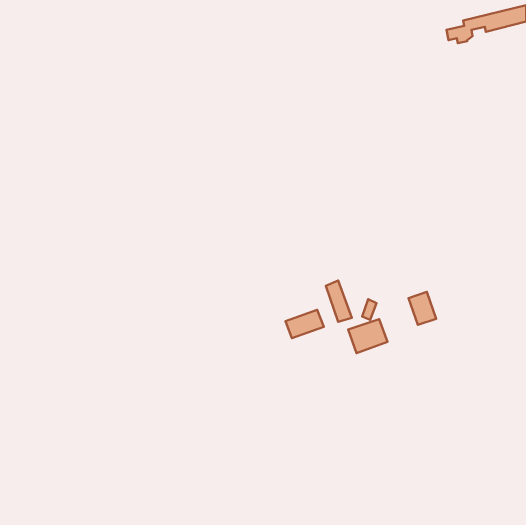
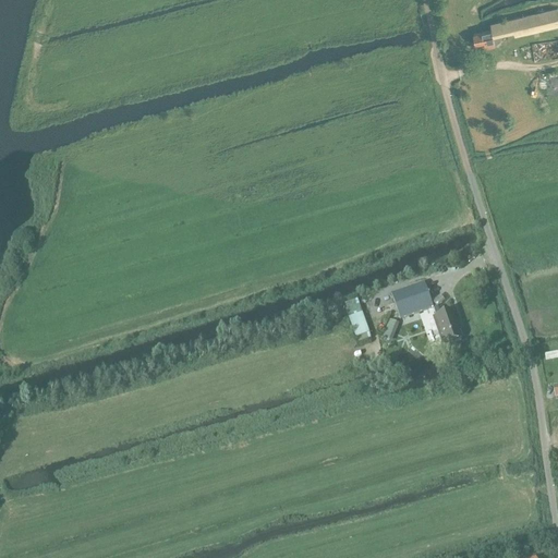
building: [285,310,324,338] -> none
building: [348,319,387,353] -> [390,281,432,317]

